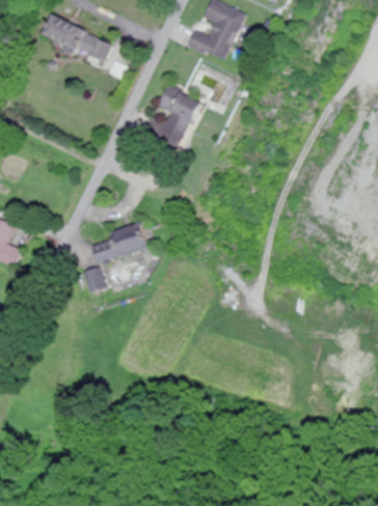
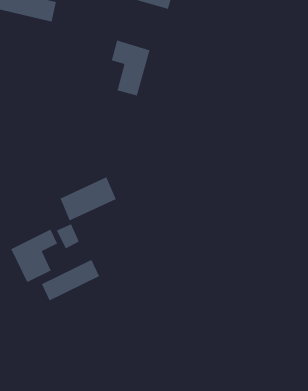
building: none -> [10,228,58,283]
building: none -> [41,259,100,301]

